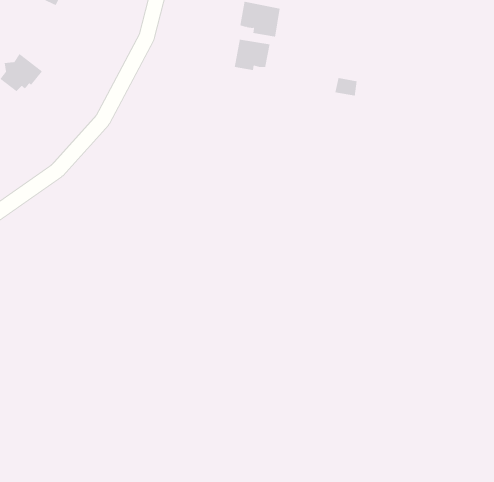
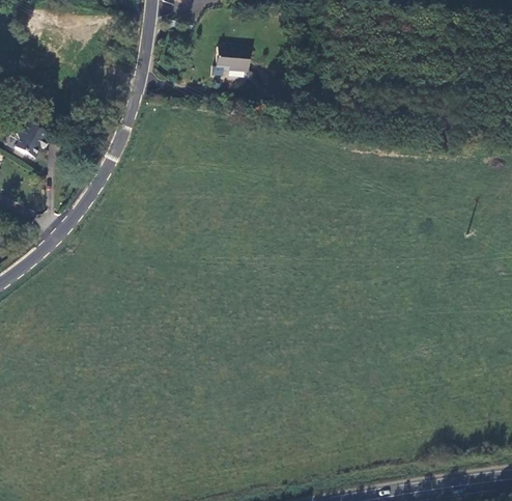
building: [234,39,270,71] -> none

